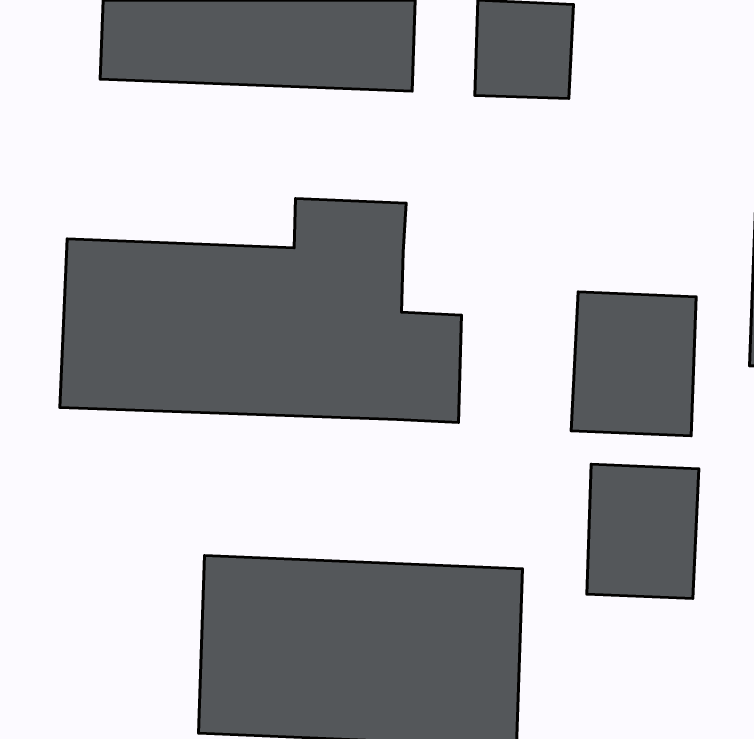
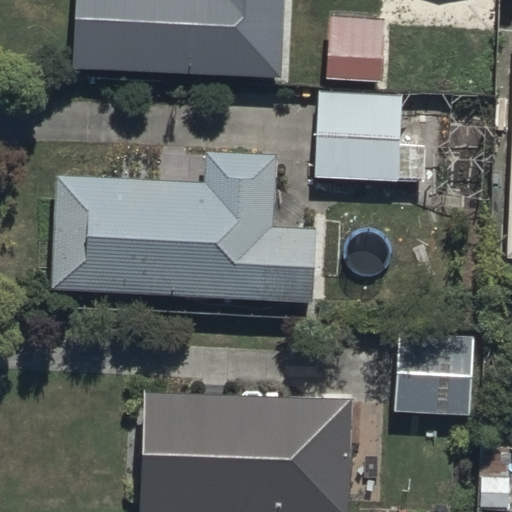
building: none -> [316,96,405,188]
building: [571,292,696,436] -> none

